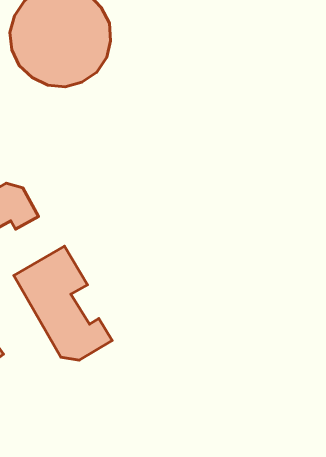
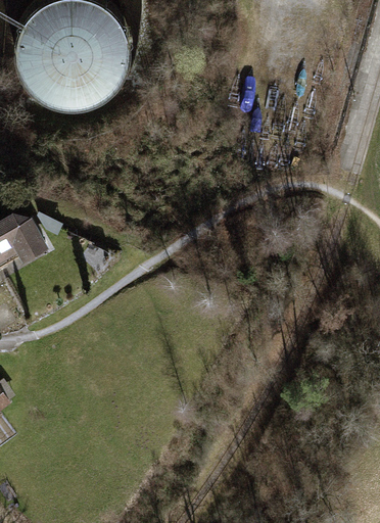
building: [14,246,112,360] -> none

